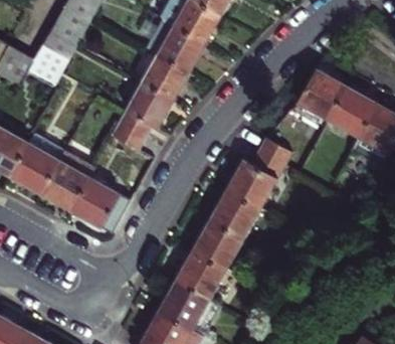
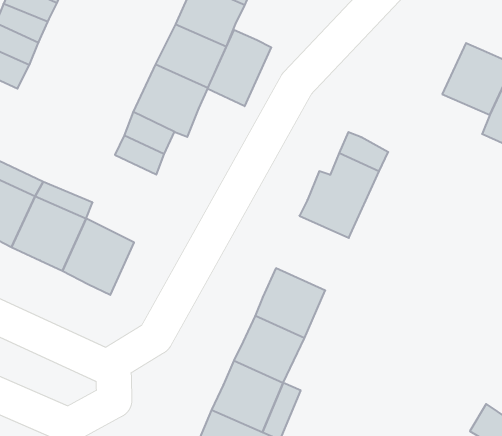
building: none -> [208,30,271,106]
building: [297,67,346,117] -> none
building: [210,189,259,239] -> none

